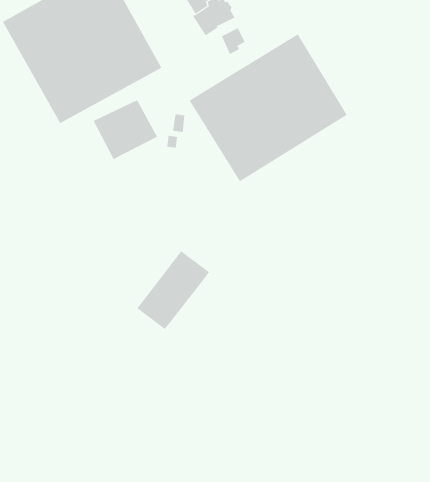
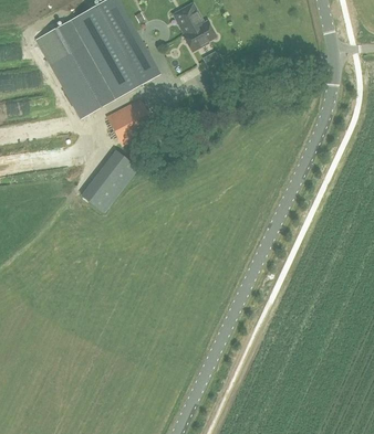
building: [189,33,347,182] -> none
building: [136,251,210,330] -> [82,150,138,211]

